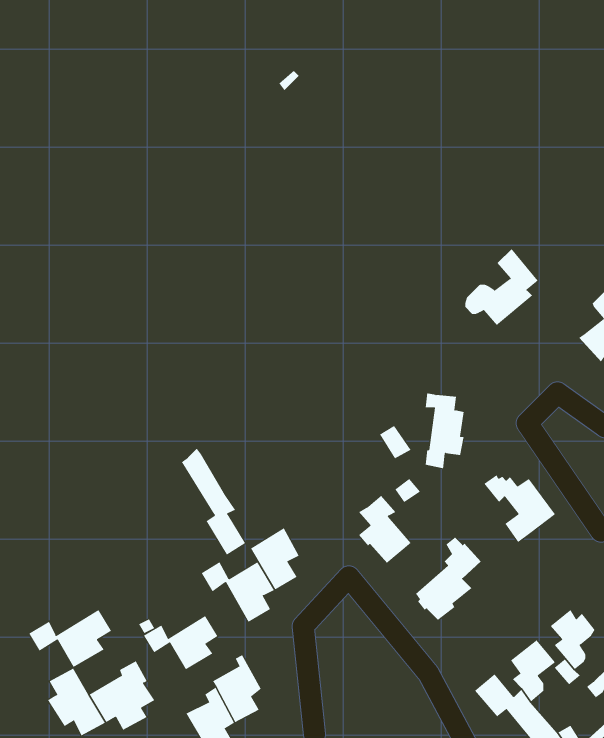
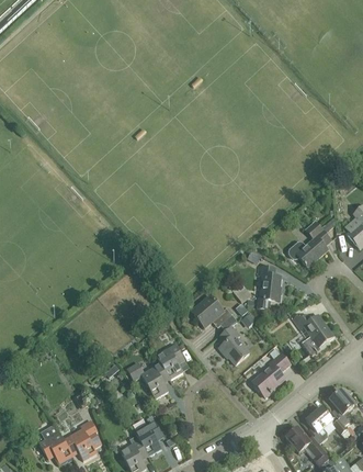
building: [464,248,538,326] -> [287,221,330,266]
building: none -> [191,295,231,326]
building: [181,448,246,556] -> none
building: [29,609,112,668] -> none
building: [143,615,218,670] -> none

